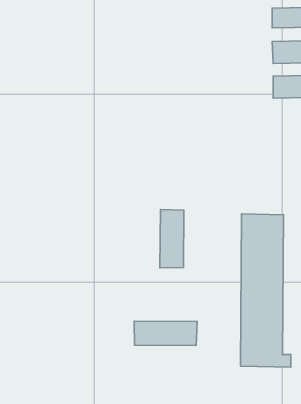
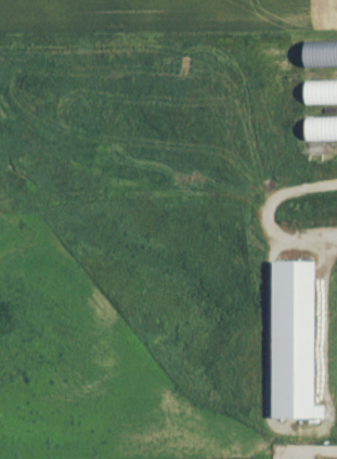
building: [160,209,184,268] -> none
building: [134,321,197,345] -> none

